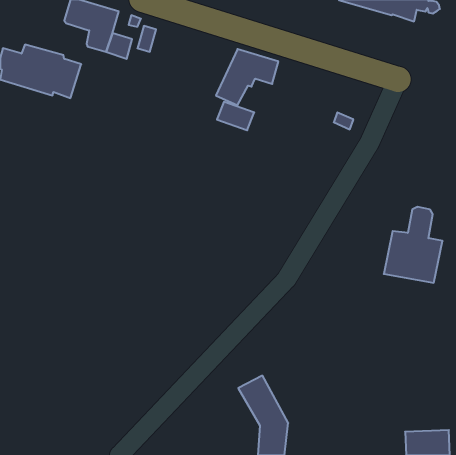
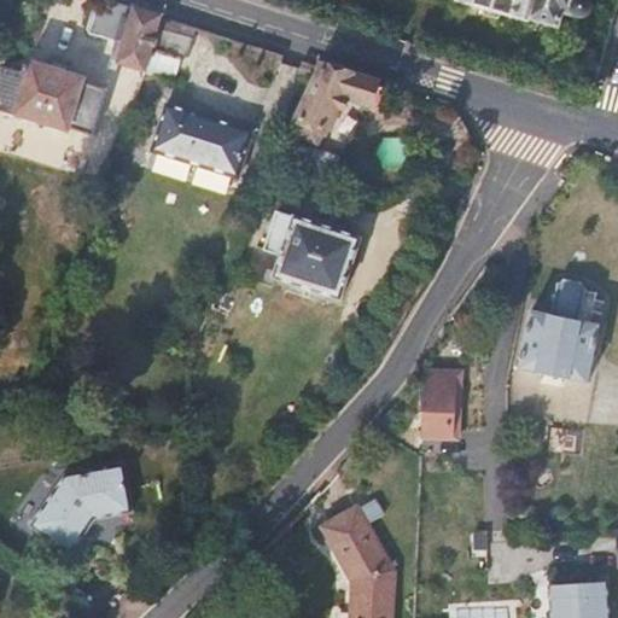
building: none -> [154,101,253,173]
building: none -> [245,212,356,299]
building: none -> [424,369,460,436]
building: none -> [30,464,130,552]

